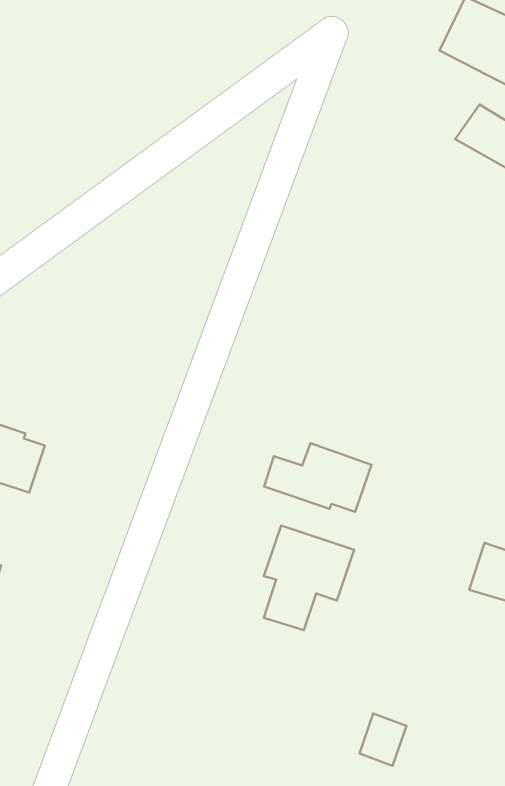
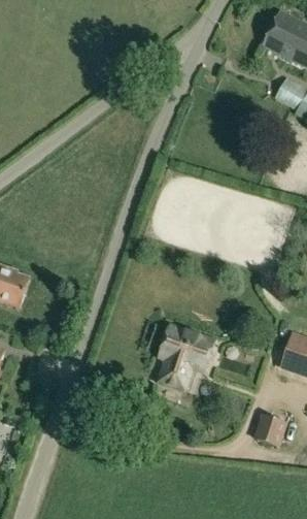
building: [264,443,371,512] -> none
building: [359,714,406,766] -> [255,416,283,447]

